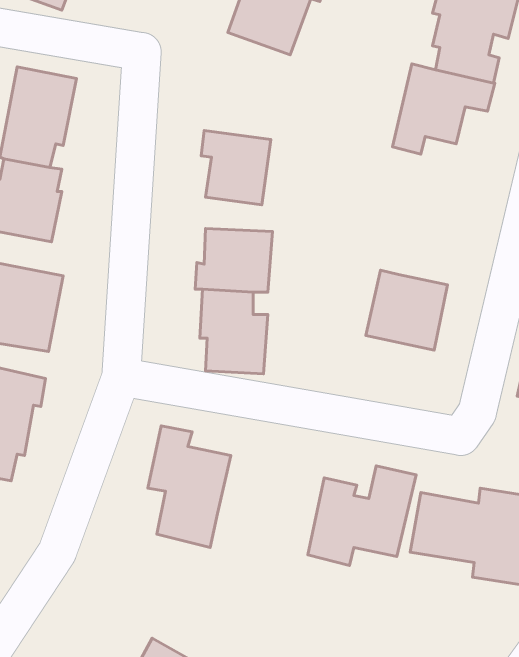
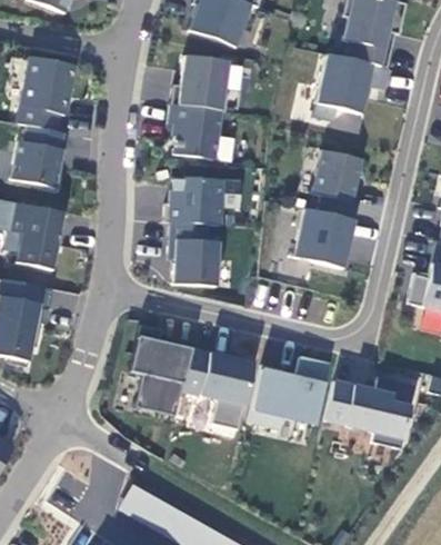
building: none -> [171,56,229,111]
building: none -> [312,149,362,219]
building: none -> [181,347,253,428]

